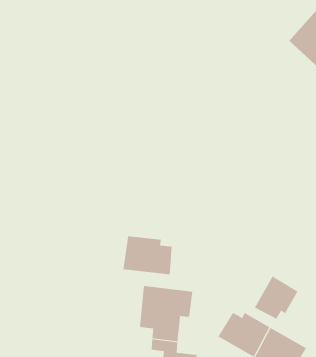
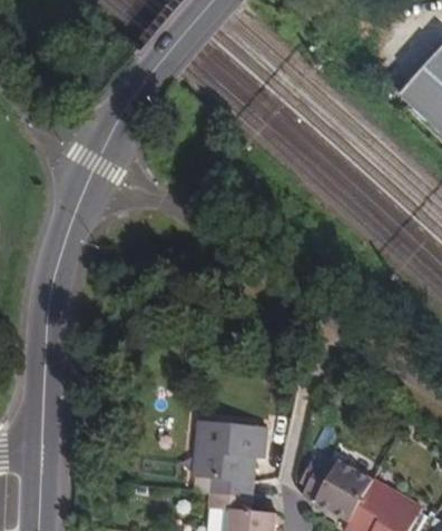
building: [123,235,172,275] -> none
building: [254,275,298,320] -> none

